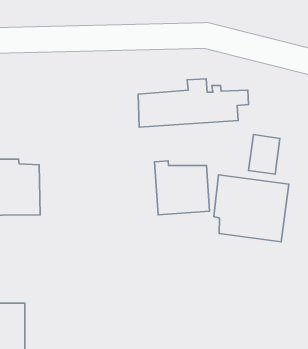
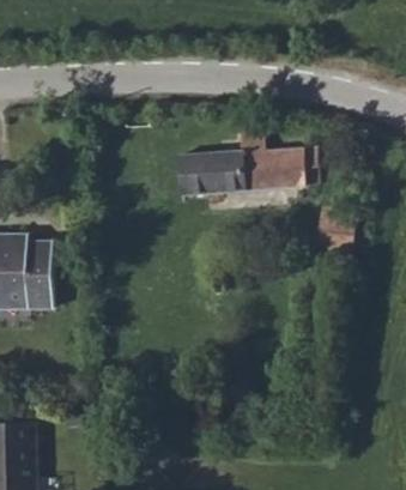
building: [155,161,210,215] -> none
building: [214,175,289,242] -> none

